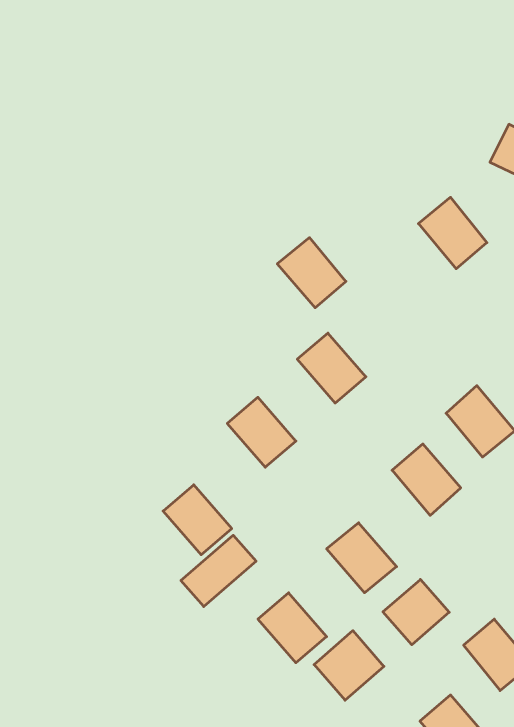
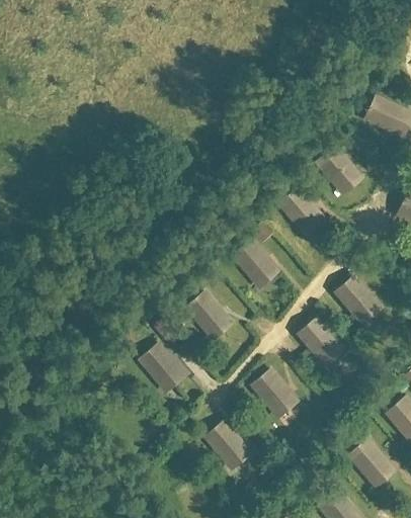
building: [277,238,346,308] -> [278,187,326,236]
building: [181,535,256,607] -> none
building: [383,579,449,645] -> none
building: [314,631,384,700] -> none

